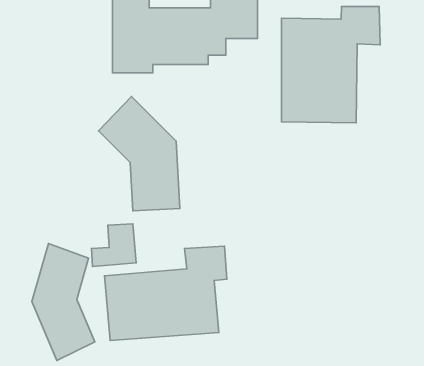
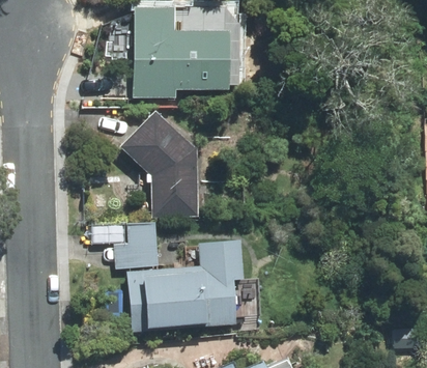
building: [282,6,380,123] -> none
building: [32,243,95,360] -> none

